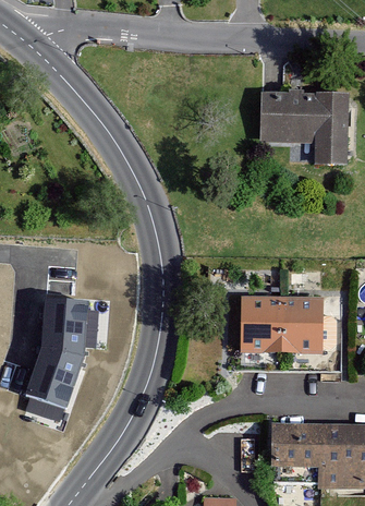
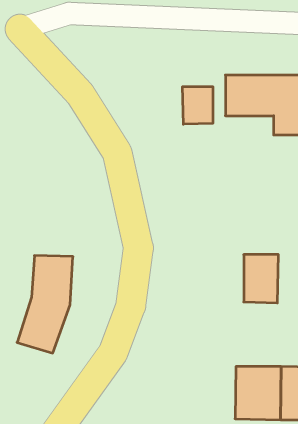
building: none -> [183,87,213,124]
building: [242,298,282,351] -> none

